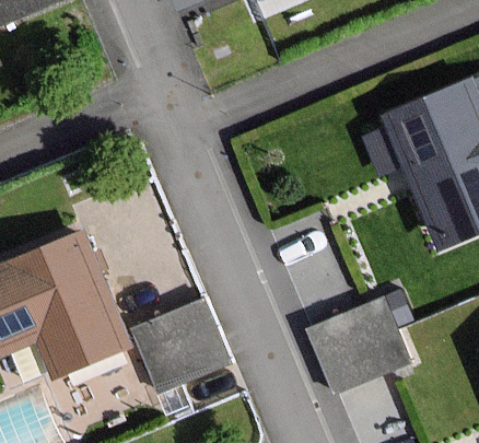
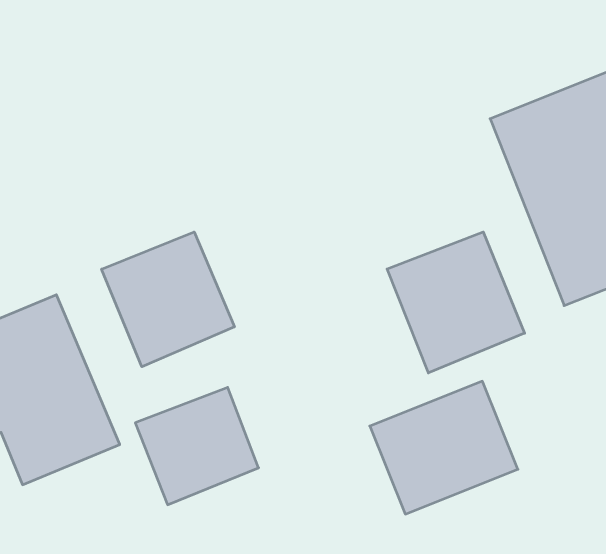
building: none -> [387,232,525,373]
building: none -> [102,232,234,367]

